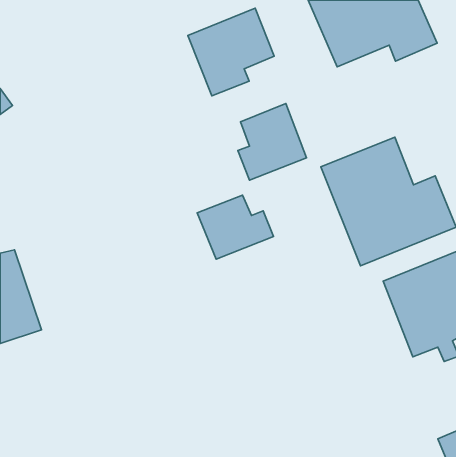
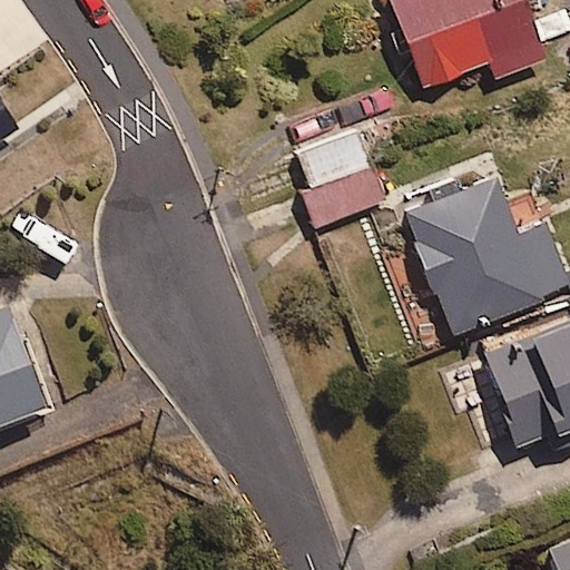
building: [188,8,274,96] -> none
building: [197,195,273,259] -> none

